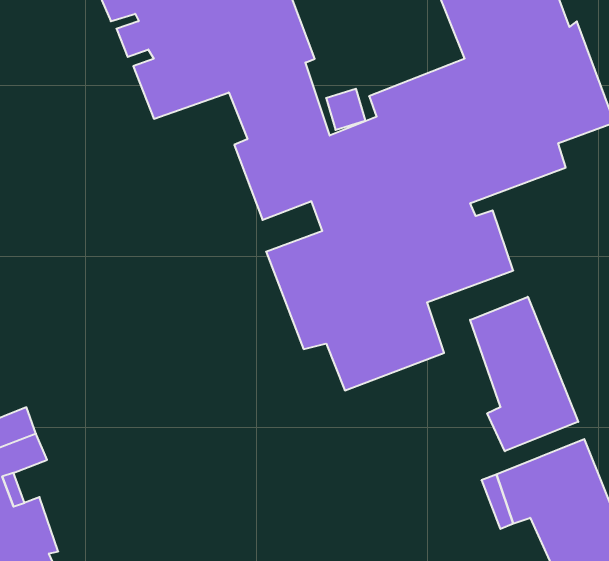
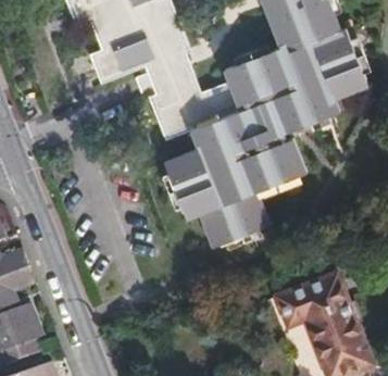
building: [470,297,578,451] -> none

